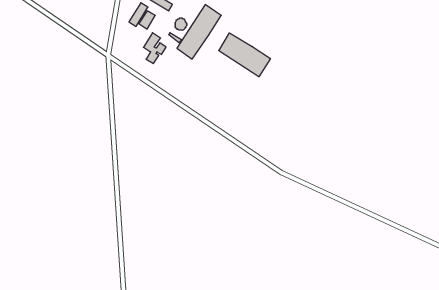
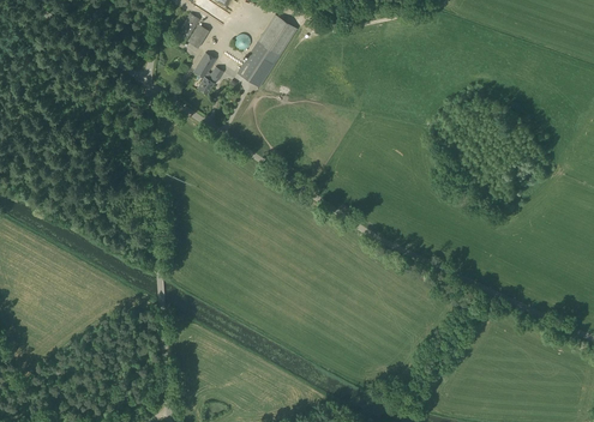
building: [219,33,270,77] -> none

